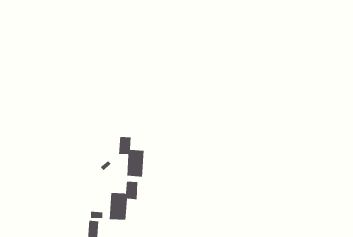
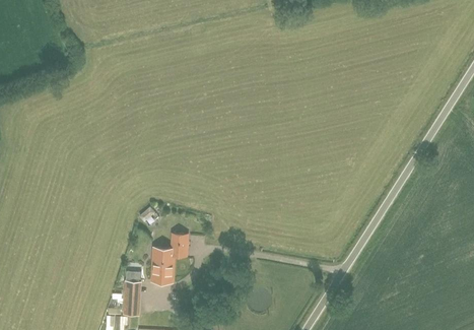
building: [119,136,144,178] -> none

